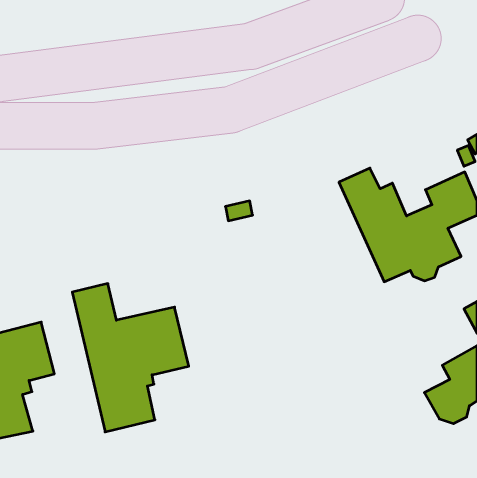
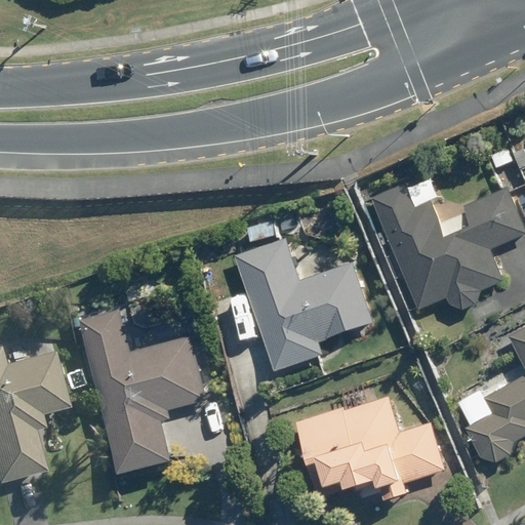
building: none -> [235,238,372,370]
building: none -> [298,396,445,500]

